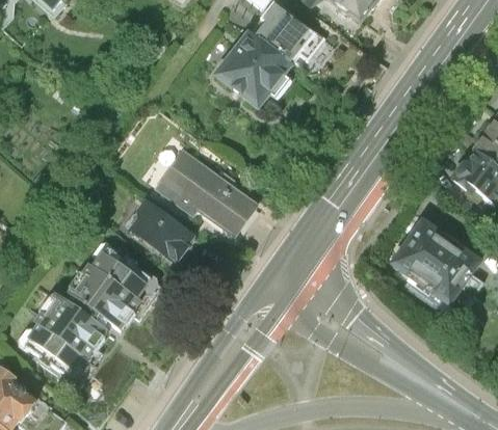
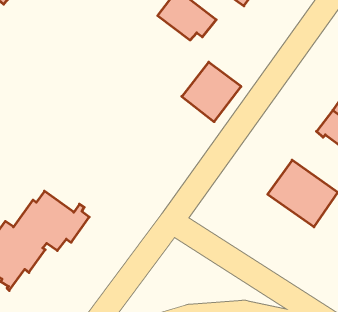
building: [214,32,290,108] -> [182,62,241,122]
building: [155,153,257,235] -> none
building: [128,197,192,260] -> none

